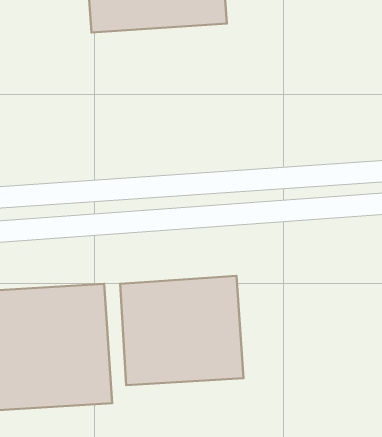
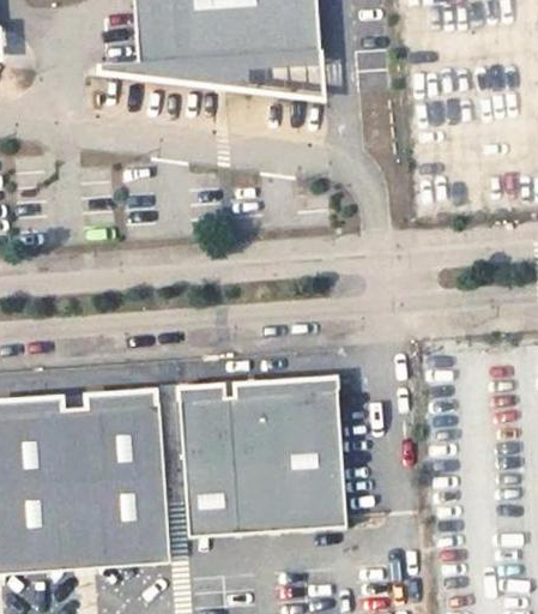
building: none -> [140,47,326,95]

